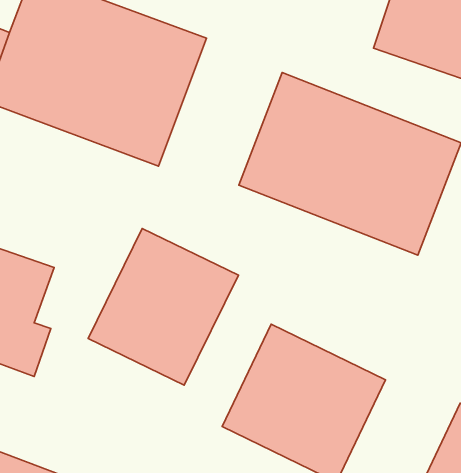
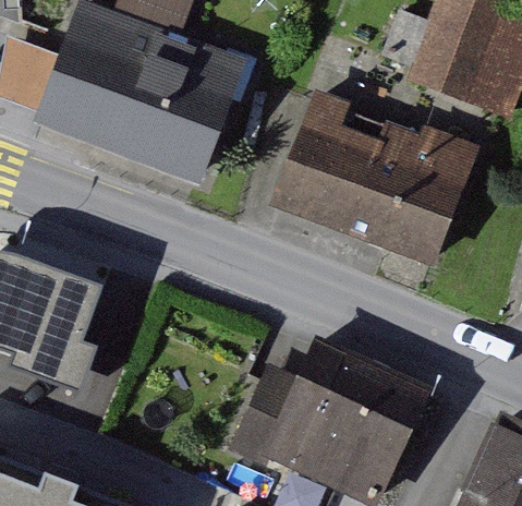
building: [88,228,238,385] -> none

